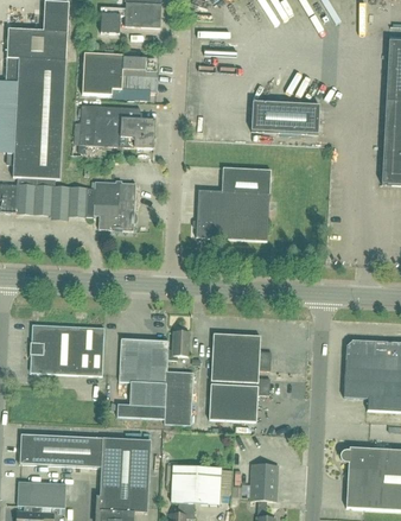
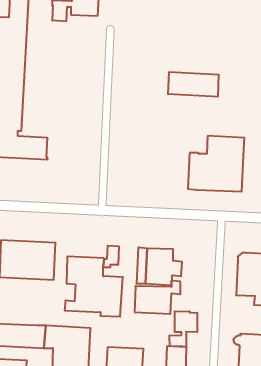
building: [82,52,159,94] -> none
building: [72,104,155,151] -> none
building: [196,166,270,240] -> [188,136,244,192]
building: [93,180,135,229] -> none
building: none -> [169,311,197,347]

